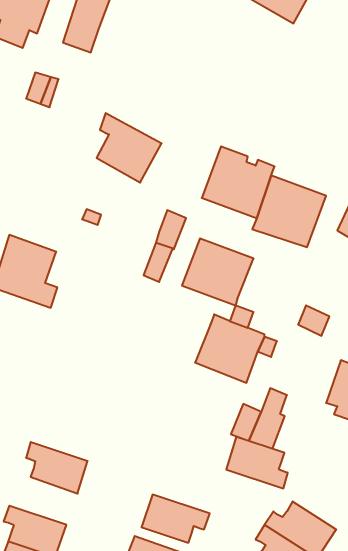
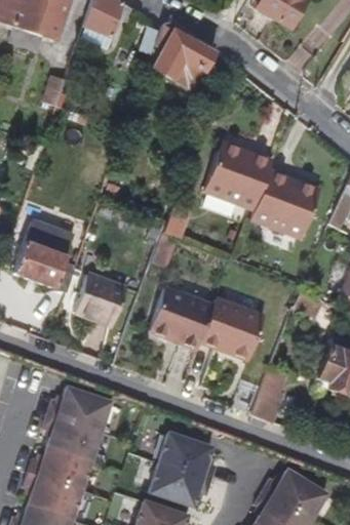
building: [97,113,162,183] -> [155,26,215,89]
building: [182,238,254,306] -> [148,287,213,349]
building: none -> [76,272,129,325]
building: none -> [48,388,111,432]
building: [226,437,288,488] -> [160,433,217,480]
building: none -> [29,446,91,490]

